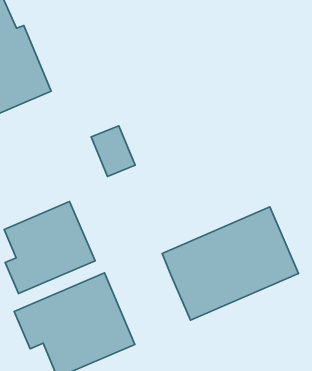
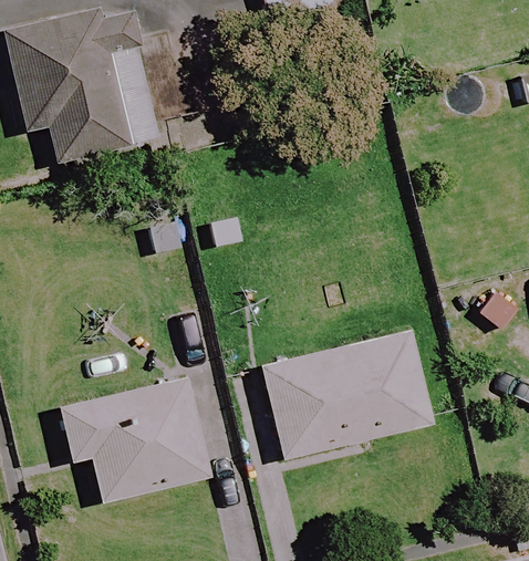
building: [4,201,95,293] -> none

